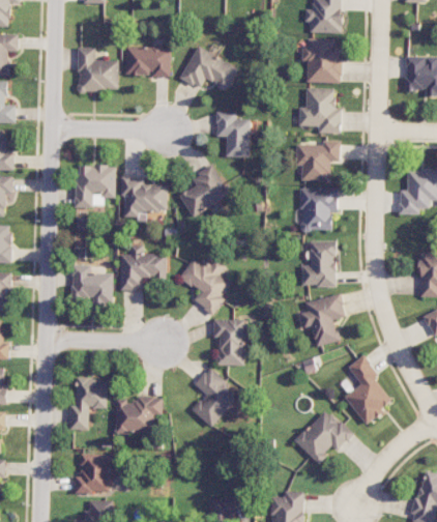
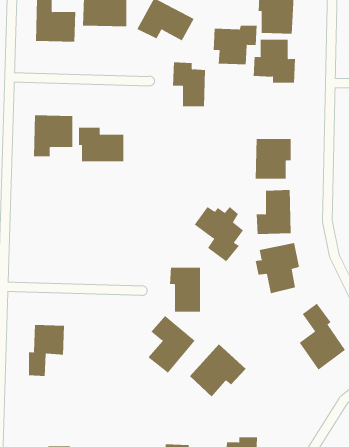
building: [294,141,340,181] -> [213,25,258,65]
building: [179,166,230,218] -> none
building: [119,245,166,288] -> none
building: [179,259,230,316] -> [194,206,244,262]
building: [70,265,112,303] -> none
building: [115,397,163,434] -> none
building: [294,409,352,464] -> [189,343,246,398]
building: [75,455,110,494] -> none

